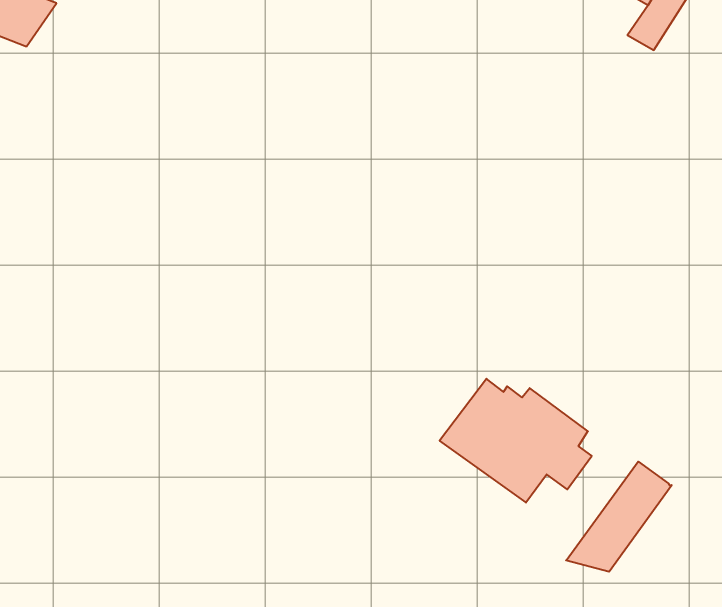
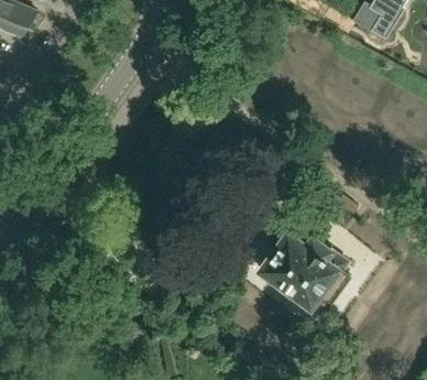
building: [566,462,672,572] -> none

